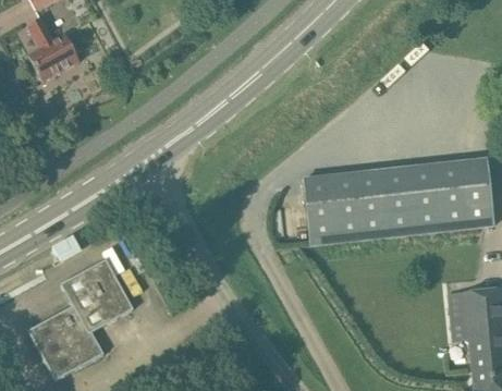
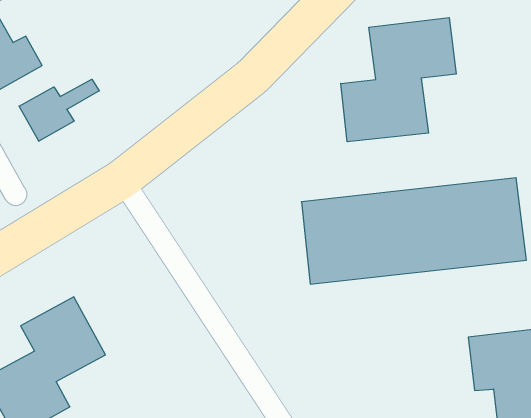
building: none -> [341,18,456,142]
building: none -> [19,79,99,141]

